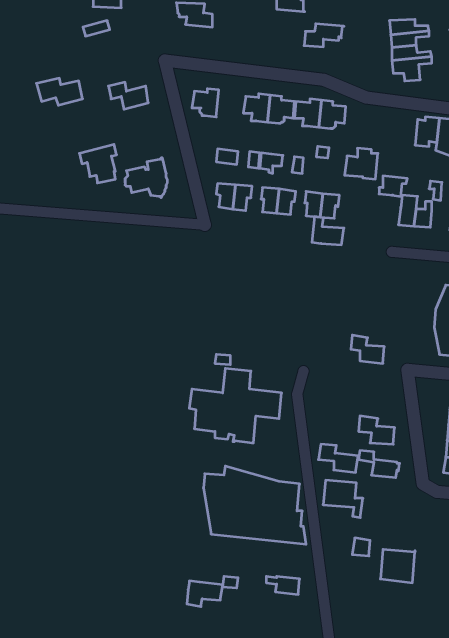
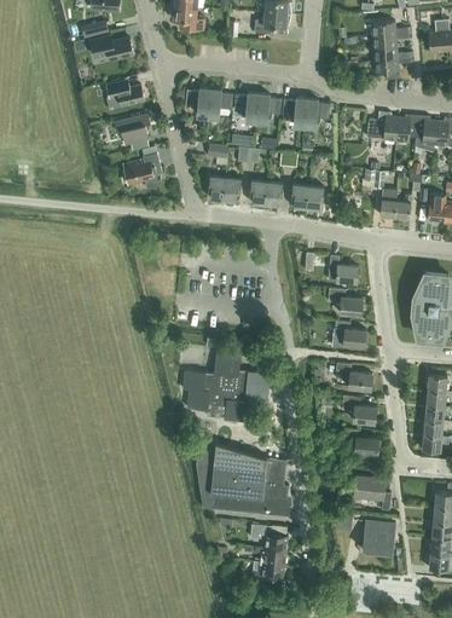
building: [304,24,344,47] -> [254,12,291,34]
building: [36,78,83,105] -> [89,35,133,60]
building: none -> [208,88,233,115]
building: [79,144,117,183] -> [115,114,150,150]
building: [345,148,378,179] -> [366,111,398,140]
building: [312,217,344,245] -> [329,255,359,282]
building: none -> [328,288,363,314]
building: [318,444,358,472] -> [335,363,372,389]
building: [323,480,363,518] -> [354,475,392,510]
building: none -> [250,524,288,549]
building: [187,581,223,607] -> [251,560,285,584]

